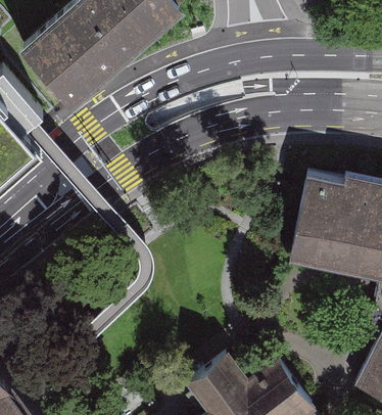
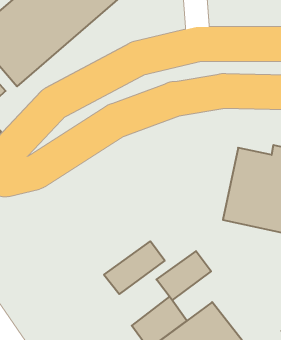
building: none -> [104,241,165,294]
building: none -> [156,251,211,300]

